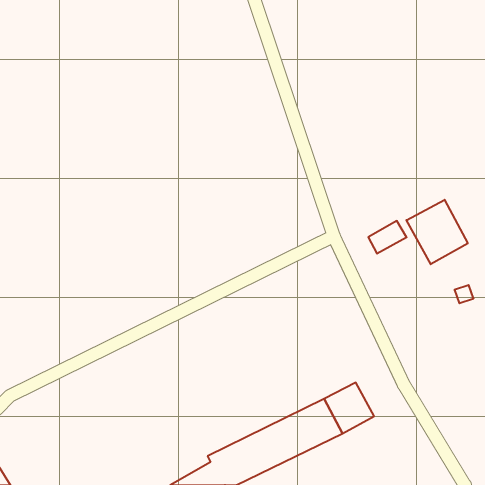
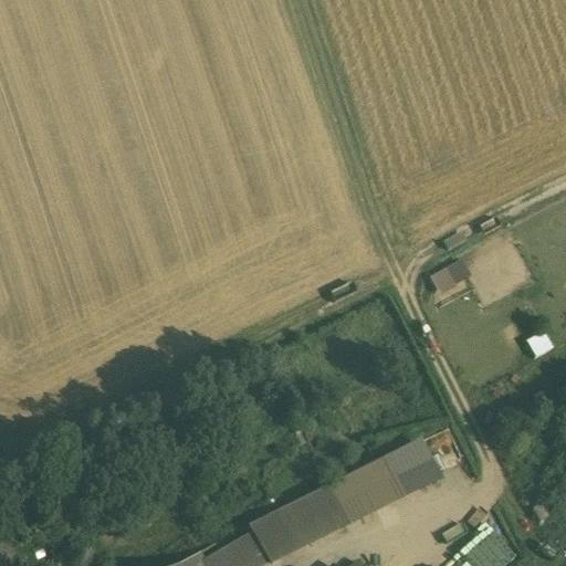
building: [406,200,468,264] -> none

